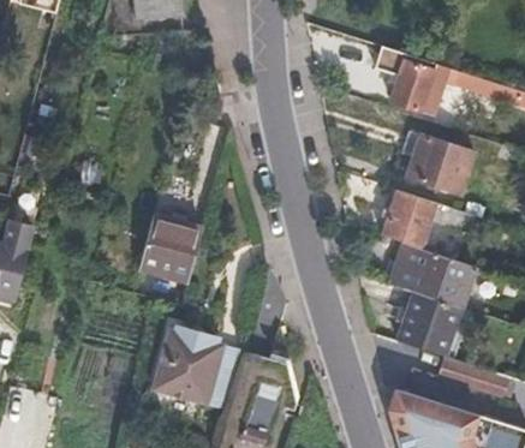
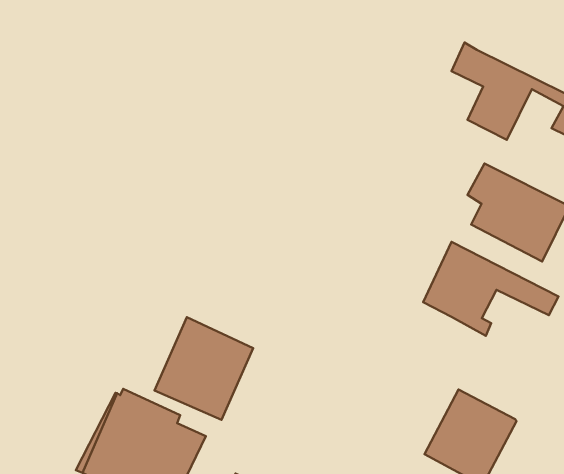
building: [139,216,204,285] -> [155,317,253,420]
building: [390,241,473,306] -> none

